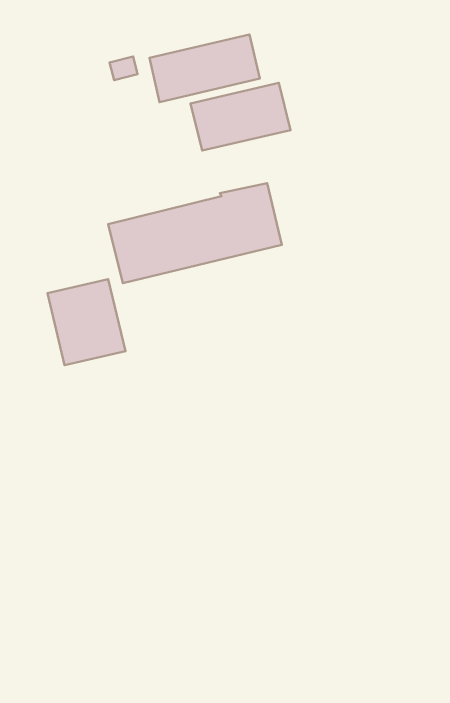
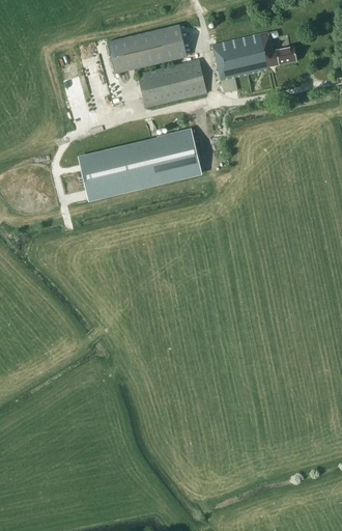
building: none -> [213,32,297,92]
building: [47,279,125,365] -> none

